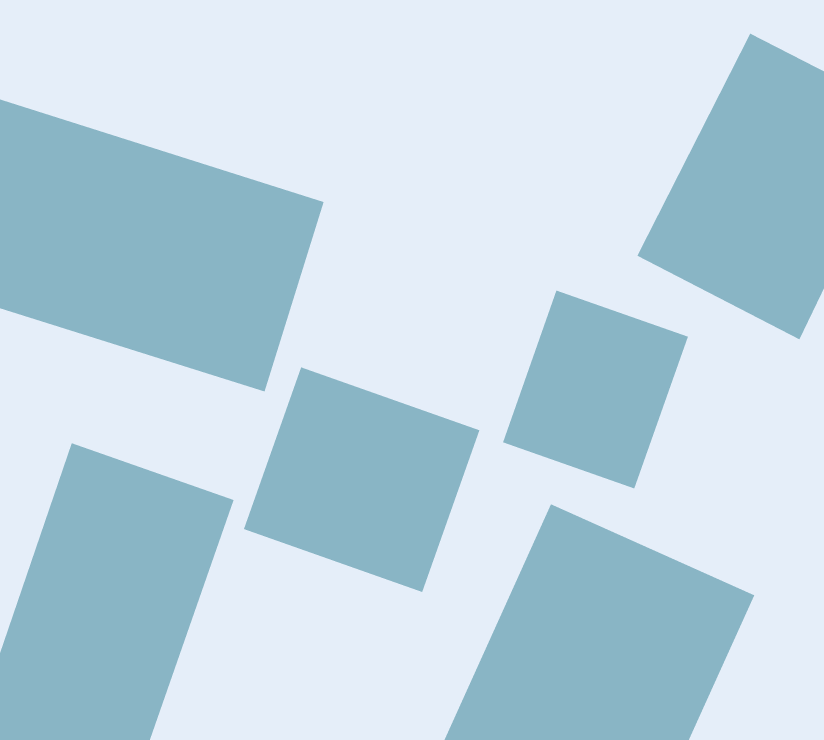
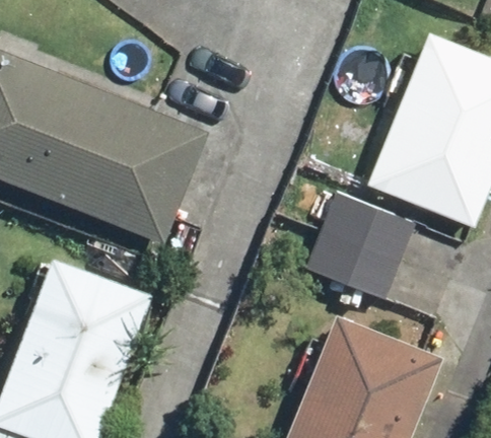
building: [243,366,480,593] -> none

